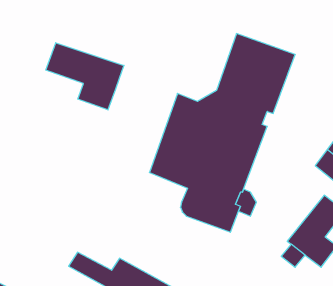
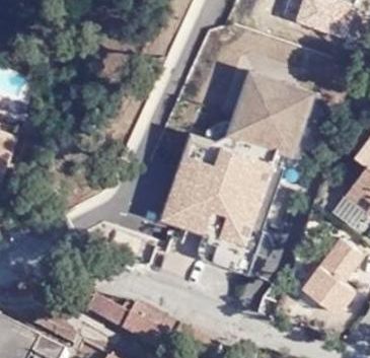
building: [46,43,124,110] -> none

